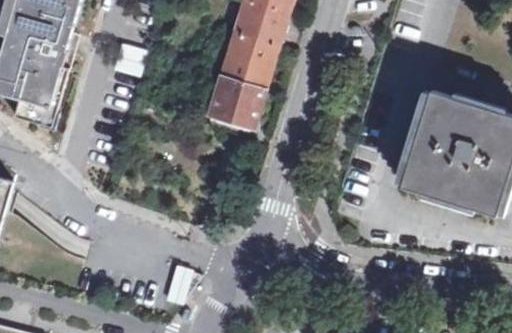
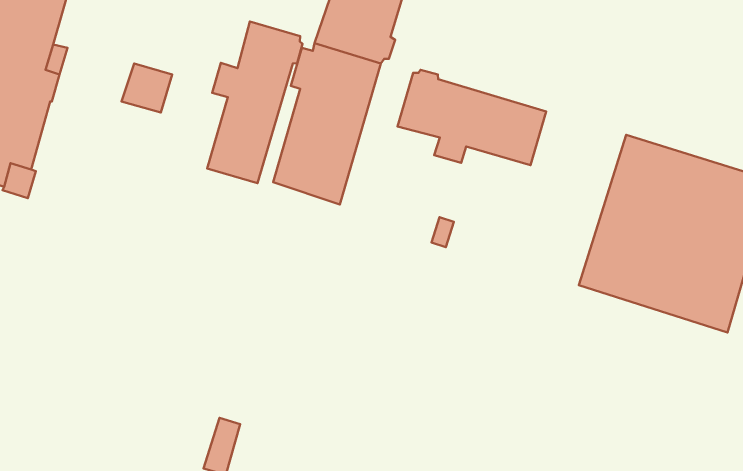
building: none -> [207,21,303,183]
building: none -> [398,70,546,165]

